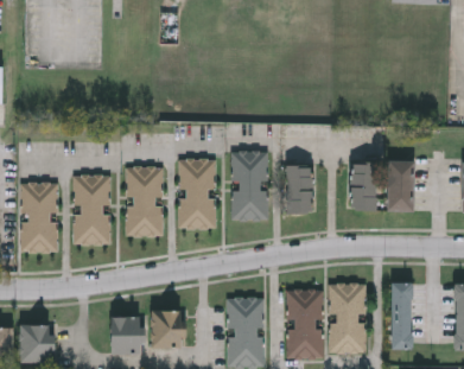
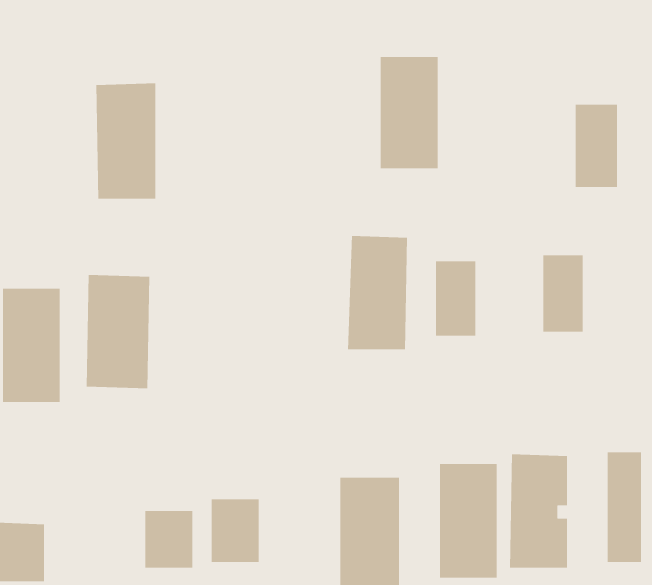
building: [180,158,216,227] -> [380,56,438,169]
building: [387,160,413,211] -> [575,104,618,188]
building: [127,165,164,236] -> [96,82,156,199]

